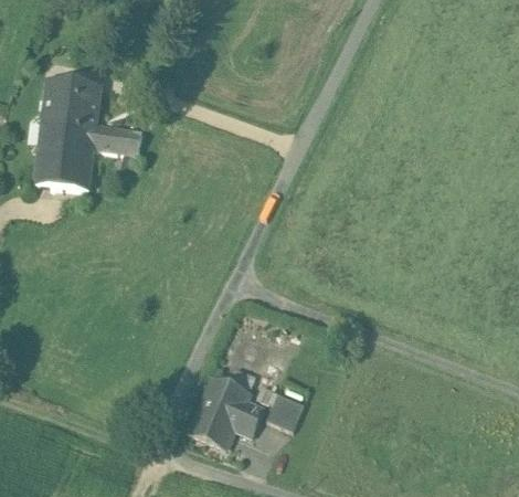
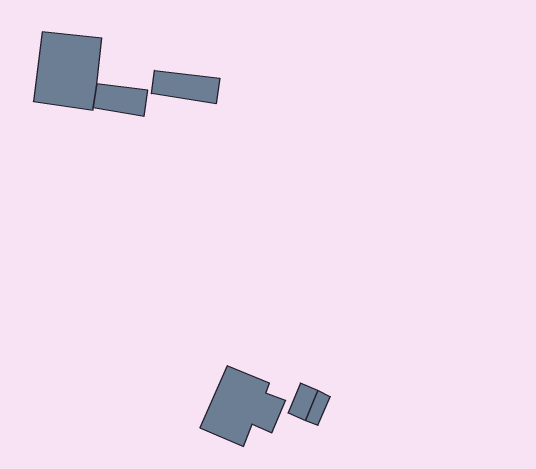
building: none -> [151,70,220,104]
building: [34,140,93,189] -> none

